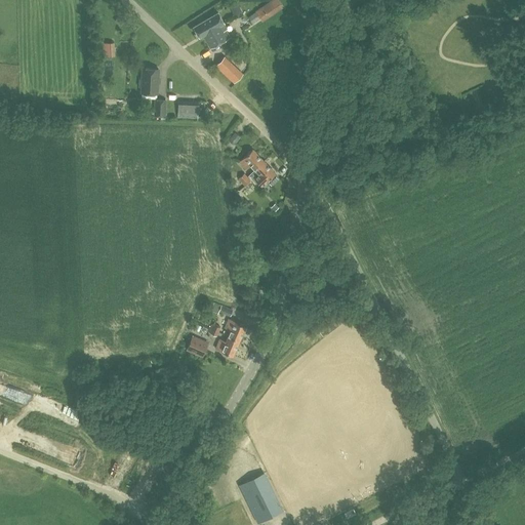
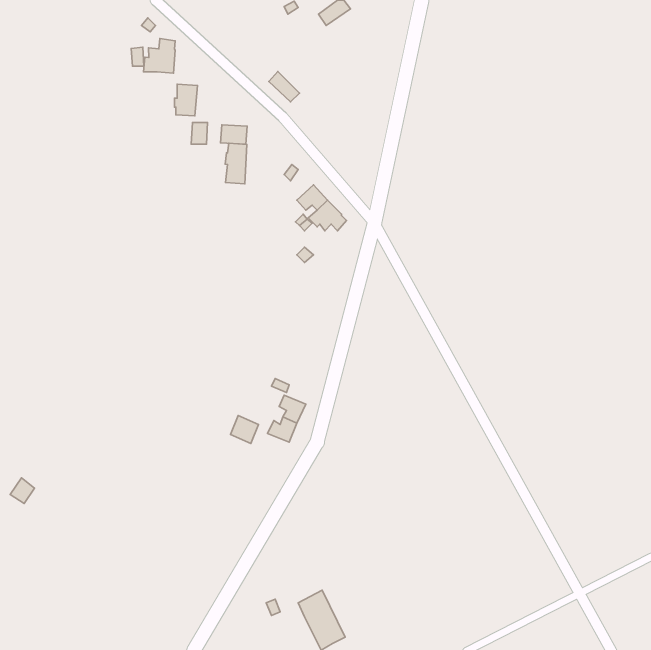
building: [193,13,230,49] -> none
building: none -> [144,38,175,73]
building: none -> [225,143,247,184]

